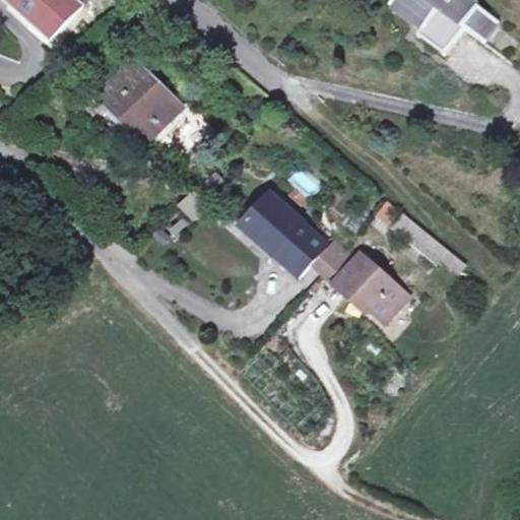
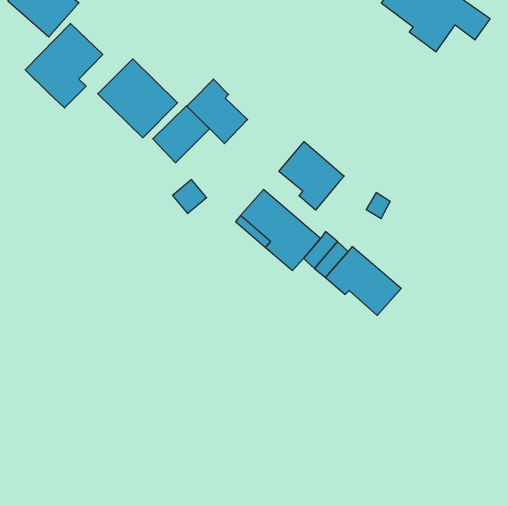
building: none -> [25,23,103,108]
building: none -> [187,79,248,144]
building: none -> [279,142,344,210]

